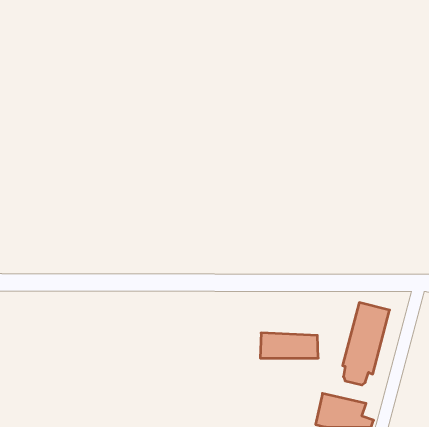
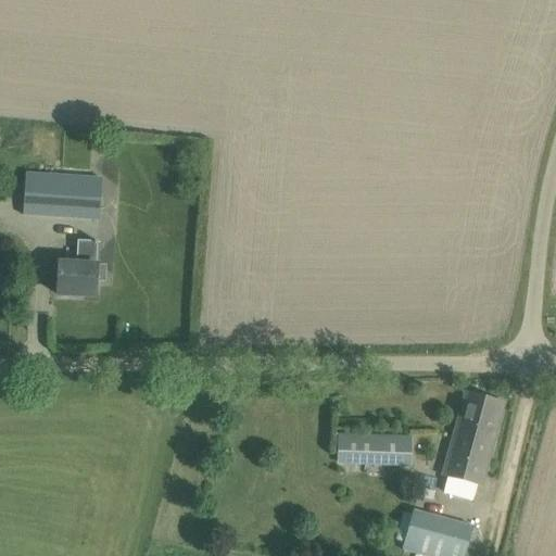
building: none -> [22,172,100,217]
building: none -> [56,239,98,294]

